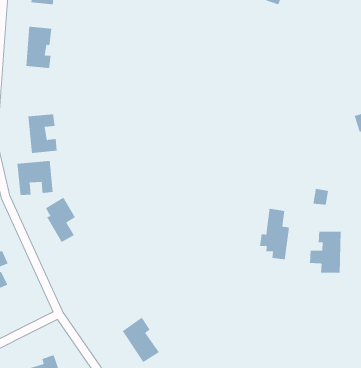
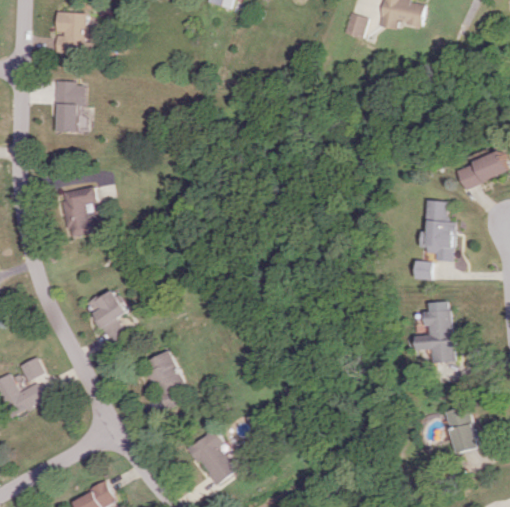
building: [17,160,53,196] -> none
building: [259,208,290,260] -> [420,199,456,261]
building: none -> [145,350,185,406]
building: none -> [445,405,478,453]

